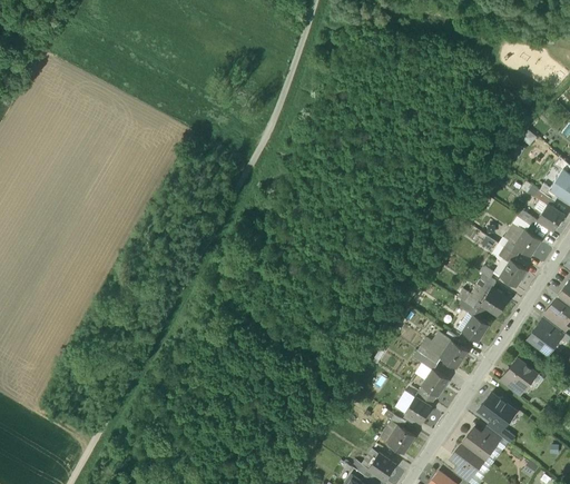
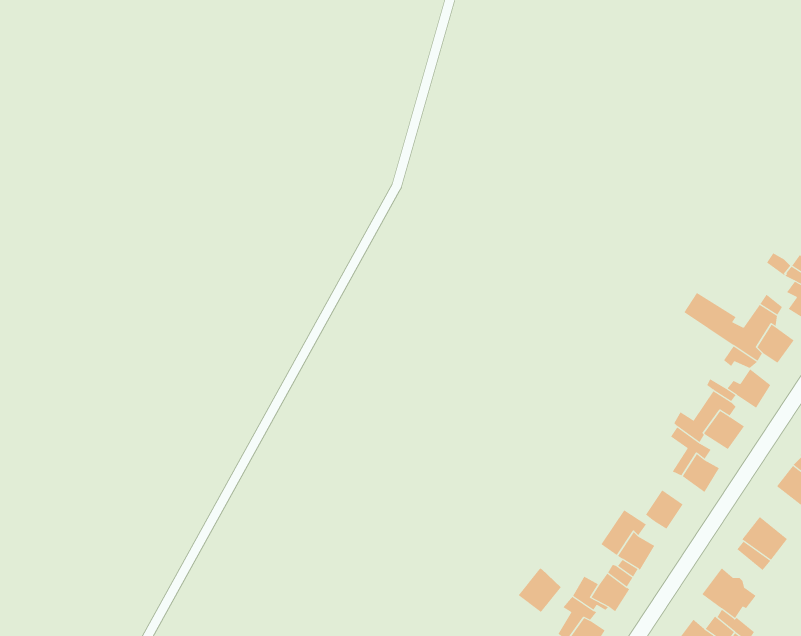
building: [417,330,452,366] -> none
building: none -> [518,568,562,613]

